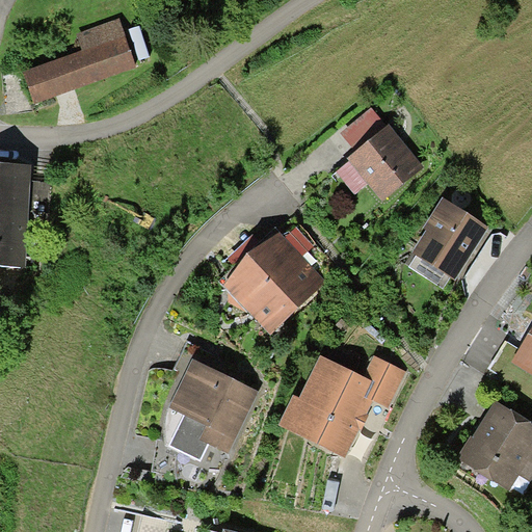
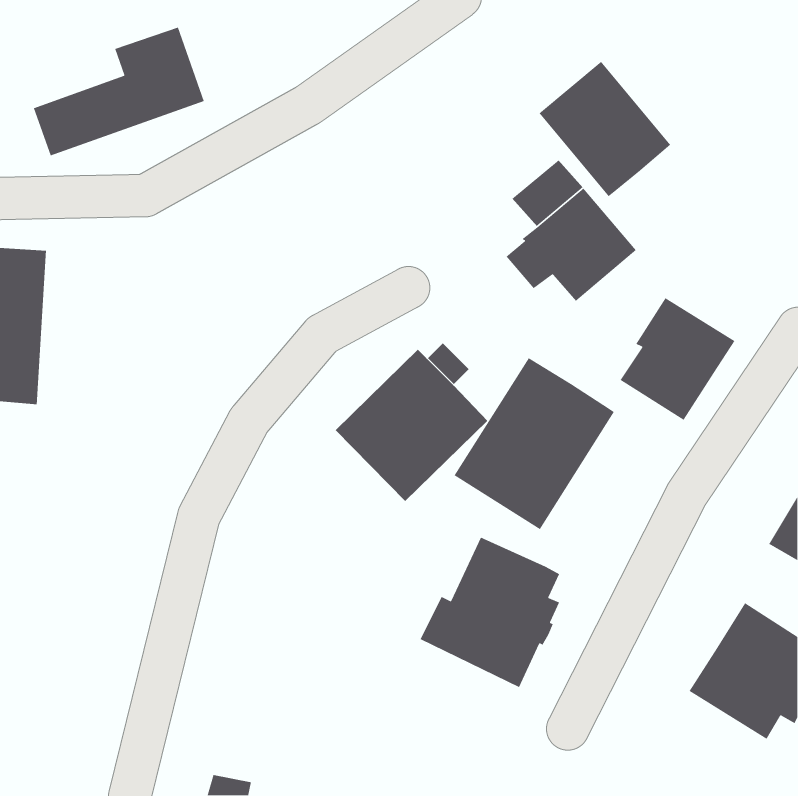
building: none -> [538,61,671,197]
building: none -> [453,357,615,530]
building: [363,355,405,407] -> none
building: [168,361,257,460] -> none

